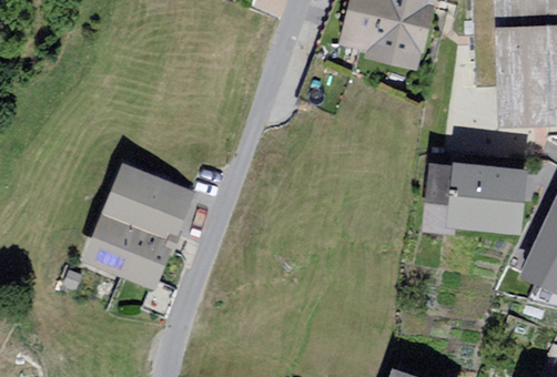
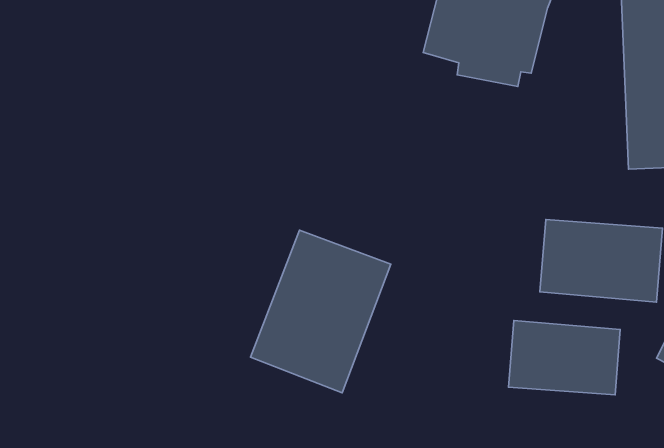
building: [88,165,193,287] -> [251,230,391,393]
building: none -> [509,321,620,395]

